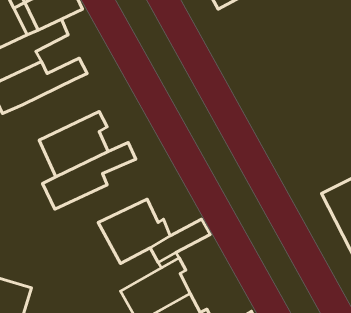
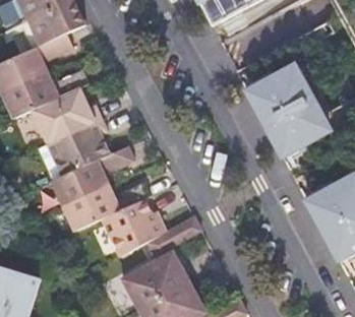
building: none -> [245,62,324,152]
building: none -> [33,88,103,144]
building: none -> [62,182,152,233]

